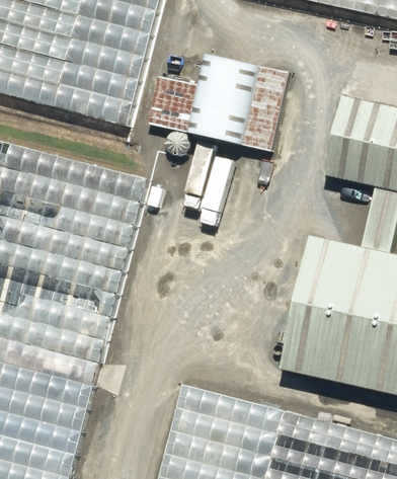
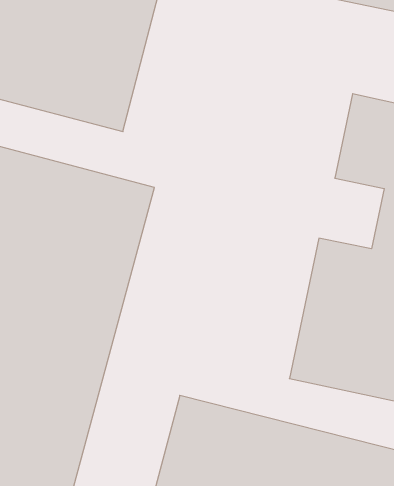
building: [144,47,291,153] -> none

